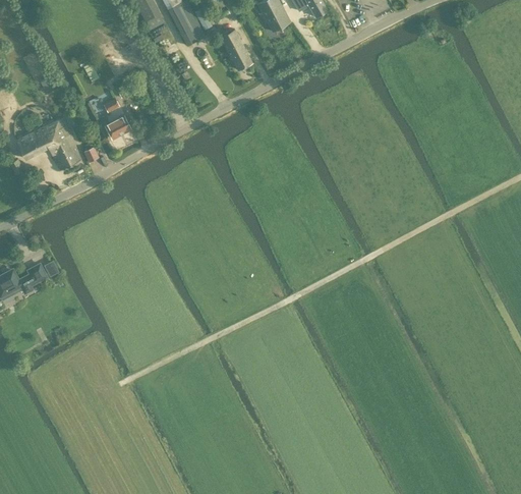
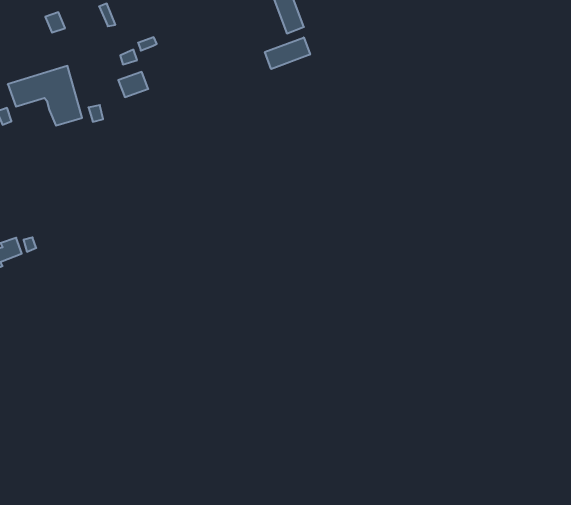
building: none -> [265,37,310,69]

